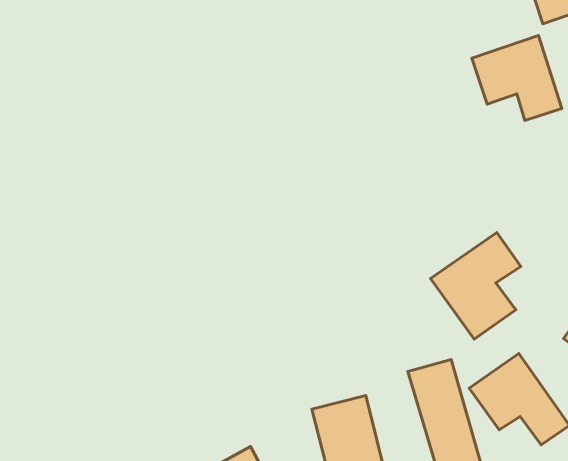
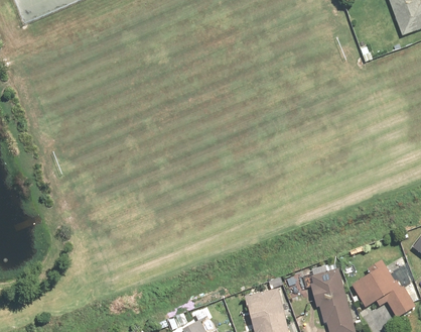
building: [472,36,562,121] -> none
building: [431,233,521,339] -> none

